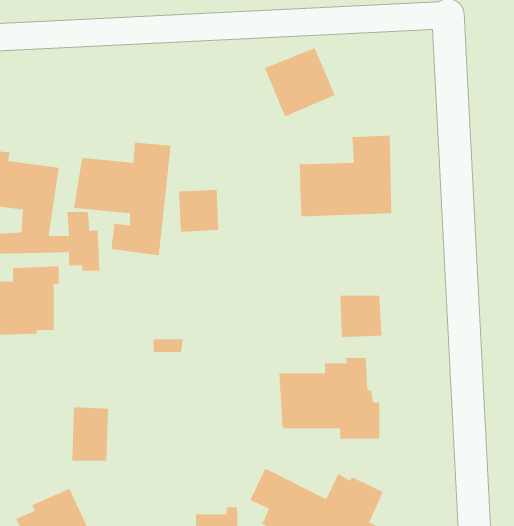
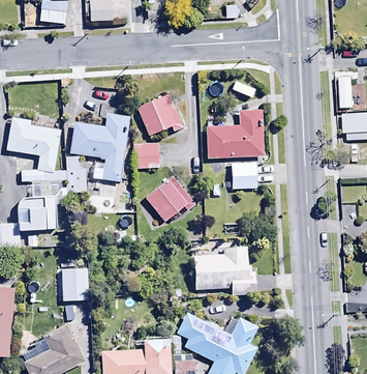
building: [264,48,336,117] -> [137,94,181,137]
building: none -> [145,176,193,222]
building: [340,295,382,338] -> [231,164,256,190]

